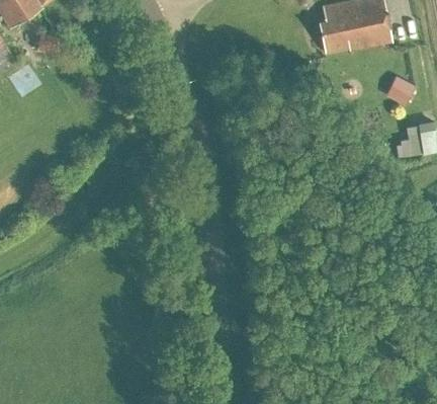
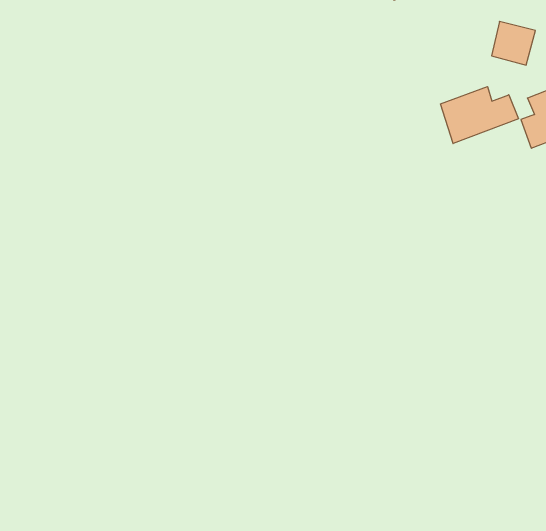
building: none -> [440,87,518,144]

